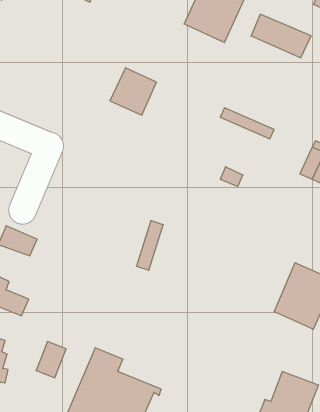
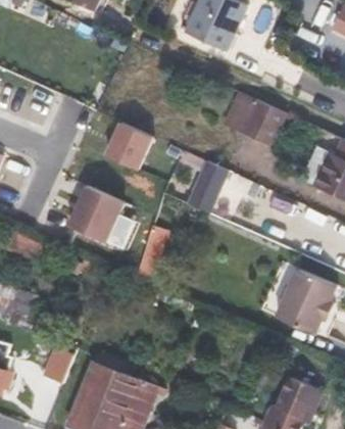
building: [251,14,311,58] -> [227,93,286,136]
building: [110,68,156,115] -> [106,124,152,171]
building: none -> [184,160,224,211]
building: none -> [69,186,124,242]

